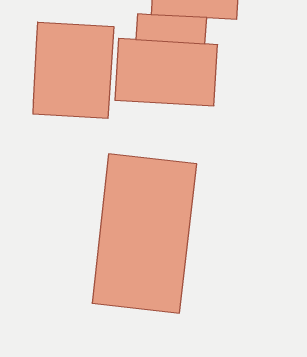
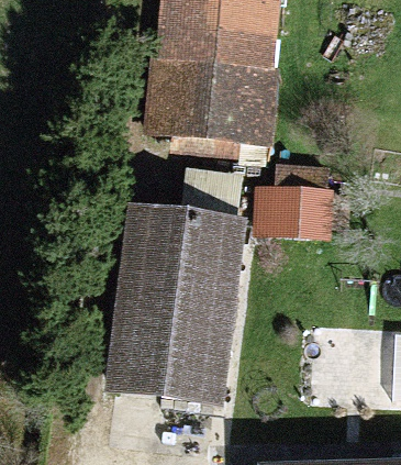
building: [33,22,114,118] -> none
building: none -> [248,171,343,245]

